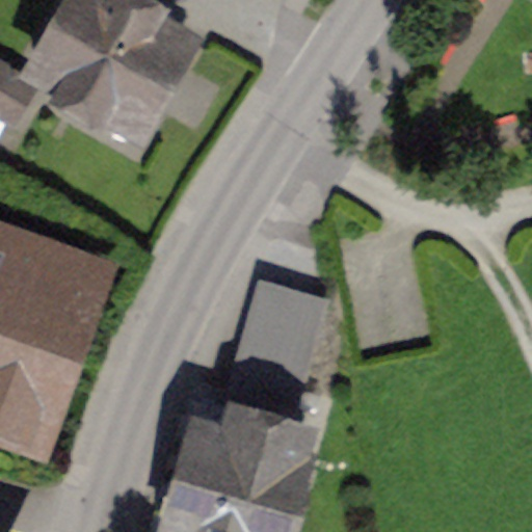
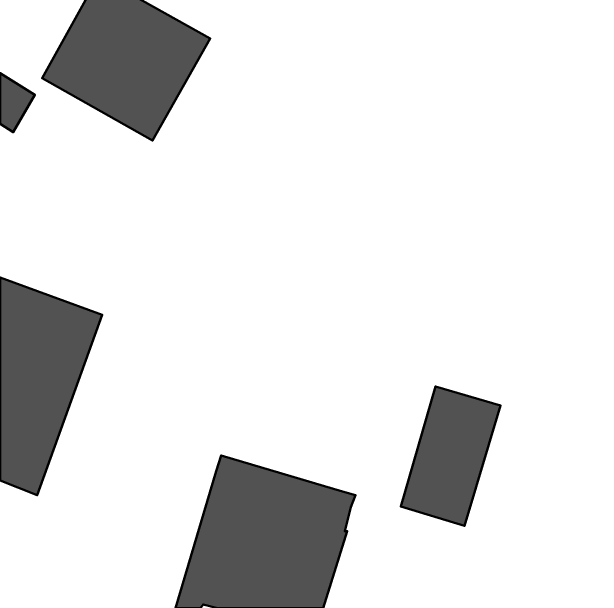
building: [239,282,325,402] -> [401,386,500,526]

